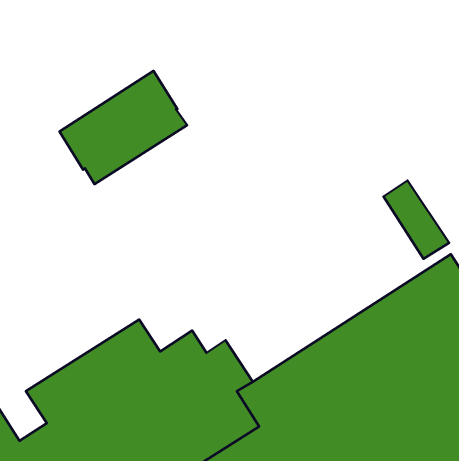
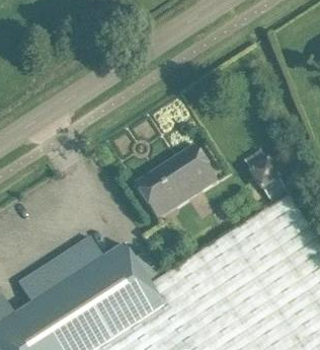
building: [59,71,187,184] -> [136,146,217,218]

